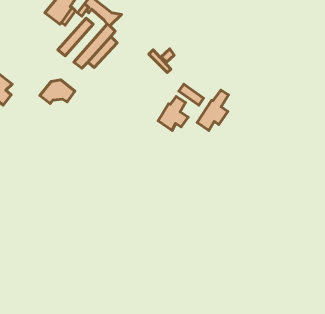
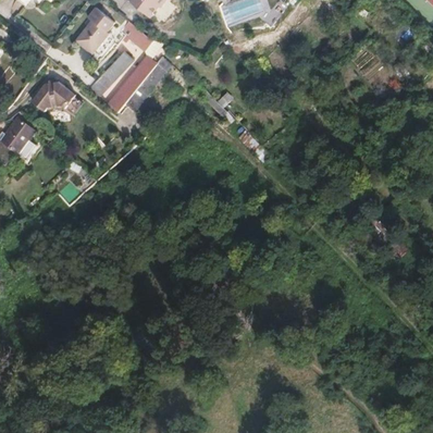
building: [40,80,75,104] -> [29,78,73,108]
building: [197,90,228,131] -> none
building: [158,96,188,131] -> none

